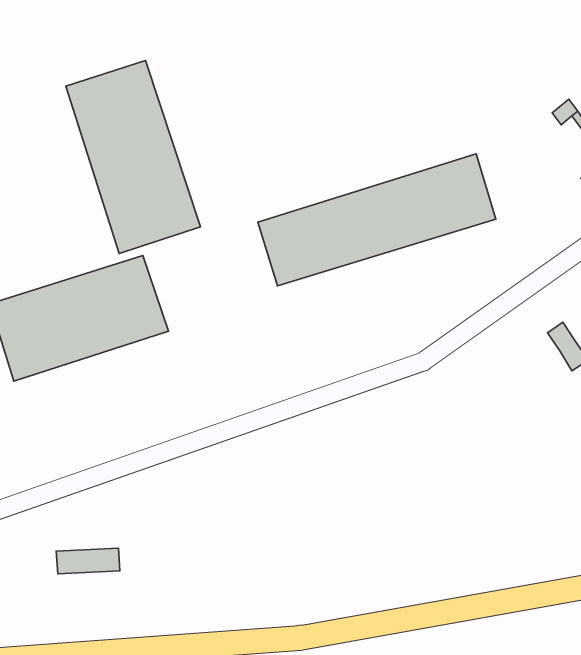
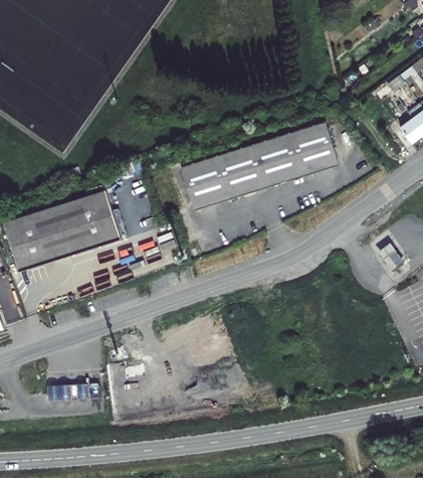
building: [66,61,200,254] -> none

